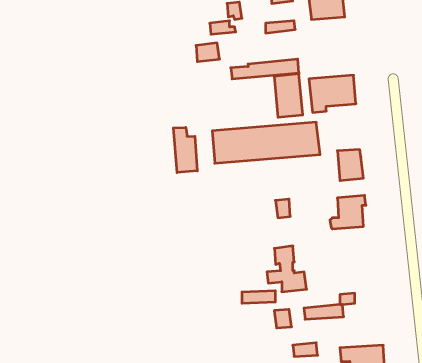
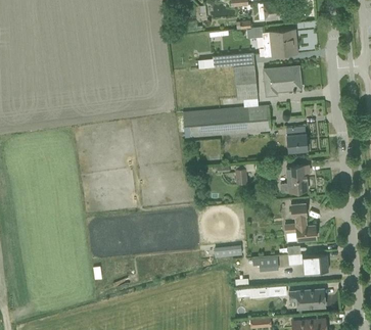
building: none -> [263,29,297,56]
building: [173,127,197,173] -> none
building: [267,246,307,292] -> [284,202,317,240]
building: none -> [306,253,329,272]

